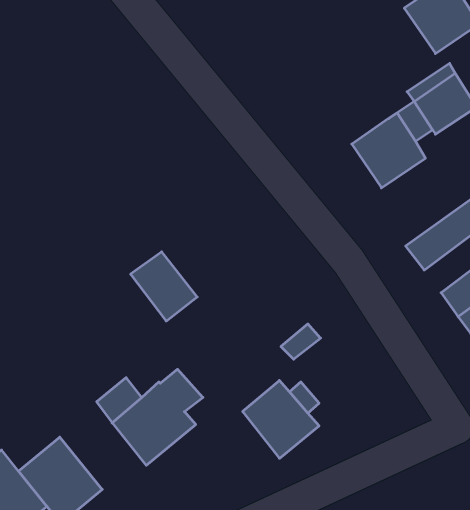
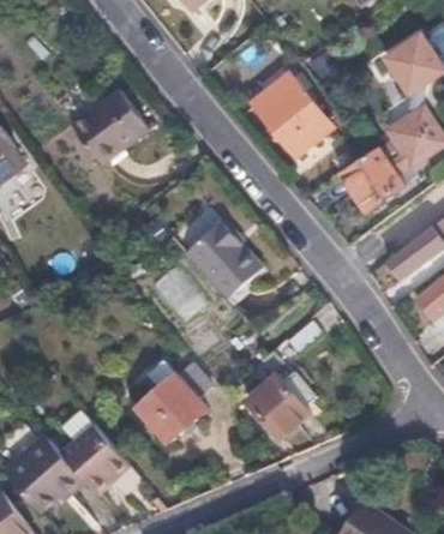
building: none -> [250,72,328,160]
building: none -> [72,91,148,167]
building: none -> [185,218,262,298]

